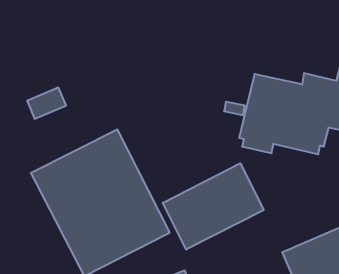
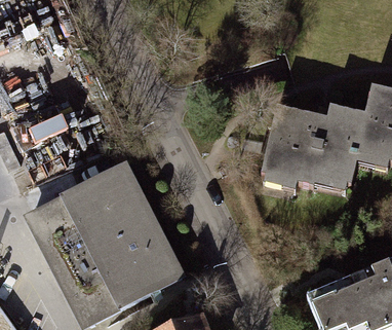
building: [163,163,264,250] -> none

